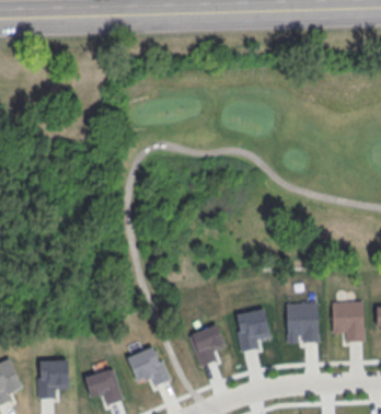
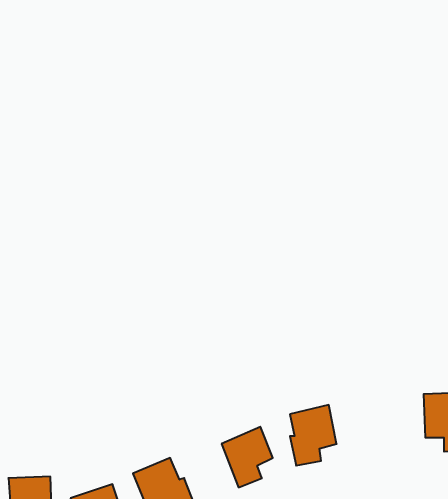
building: [286,302,319,344] -> none

